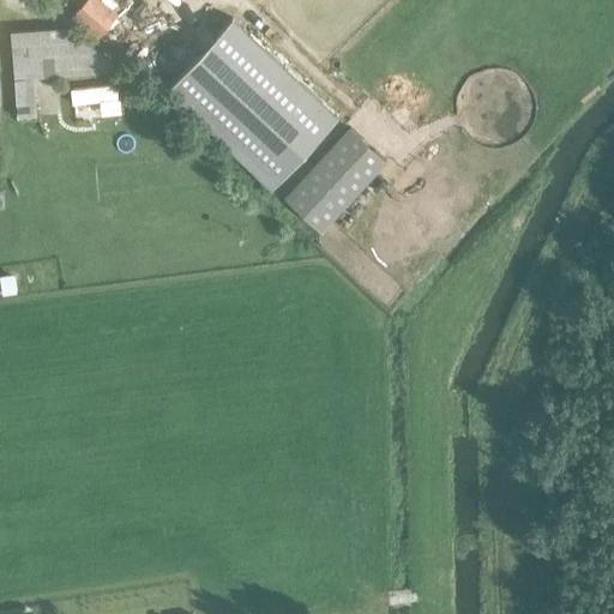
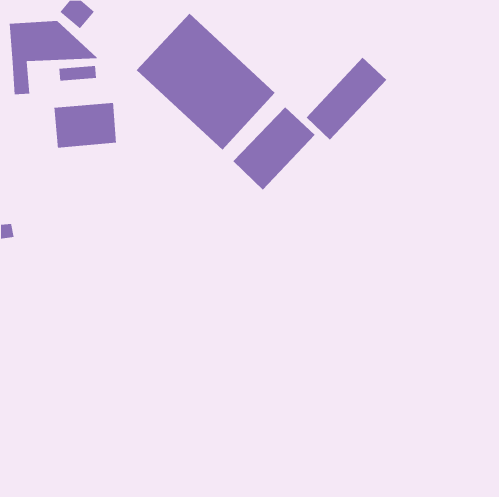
building: none -> [306,57,387,140]
building: none -> [54,102,116,148]

